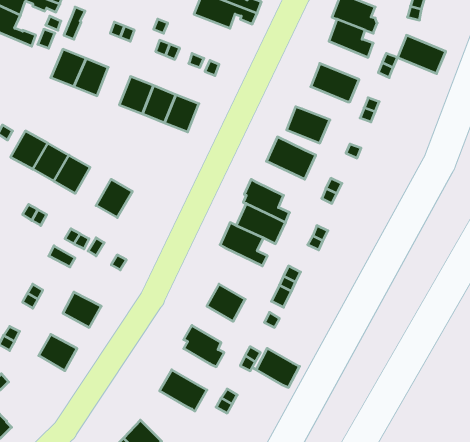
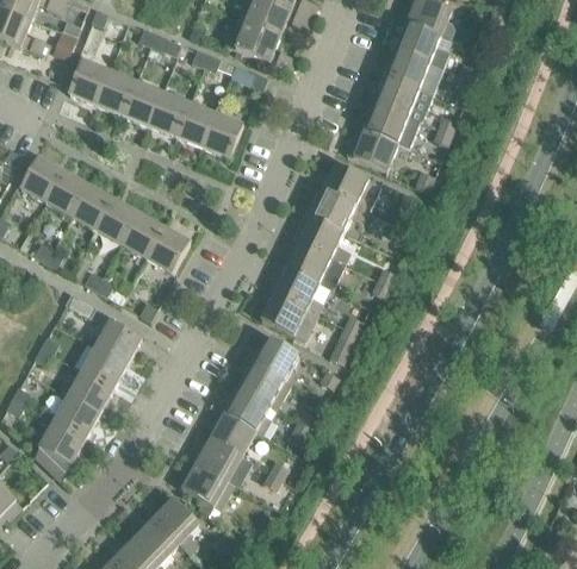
building: none -> [227,17,296,70]
building: [397,35,446,74] -> [386,49,443,94]
building: none -> [123,80,162,124]
building: none -> [365,102,420,146]
building: none -> [311,190,368,231]
building: none -> [97,198,139,243]
building: none -> [147,226,190,271]
building: none -> [261,293,318,334]
building: none -> [95,319,142,362]
building: none -> [68,370,113,412]
building: [252,348,300,387] -> [235,362,291,408]
building: none -> [211,412,256,455]
building: none -> [35,420,85,480]
building: none -> [182,462,235,509]

